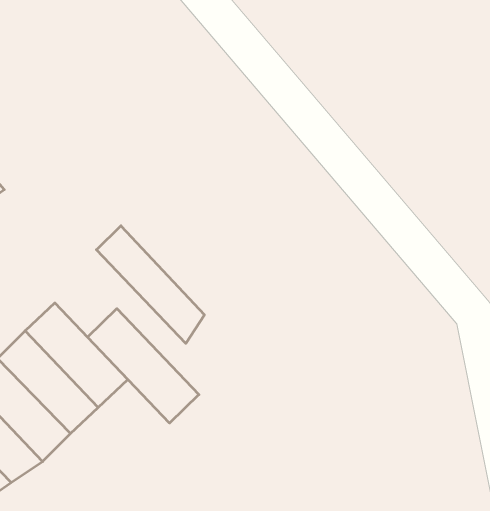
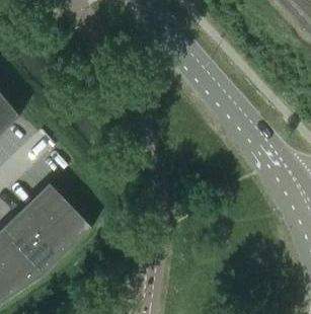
building: [96,226,204,343] -> none
building: [88,309,199,423] -> none

